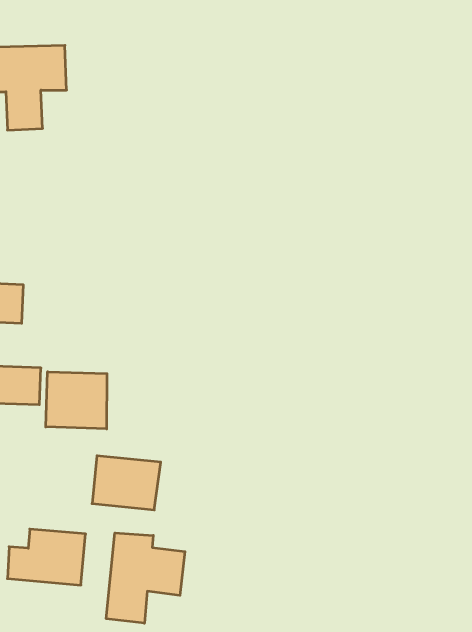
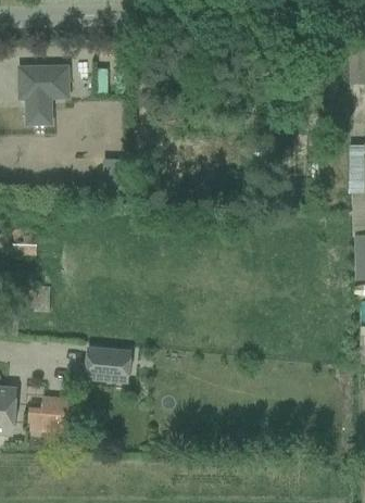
building: [46,372,107,429] -> none
building: [106,533,185,623] -> none

